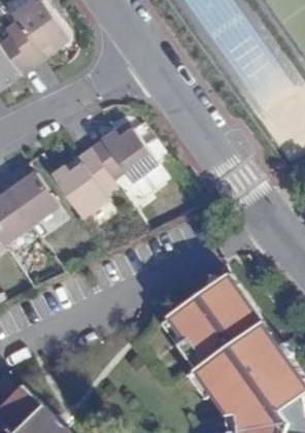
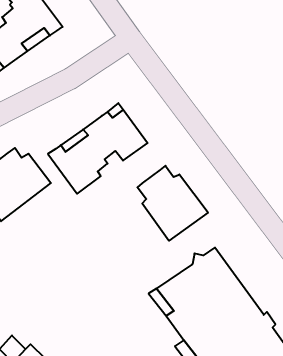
building: none -> [137,166,208,241]

